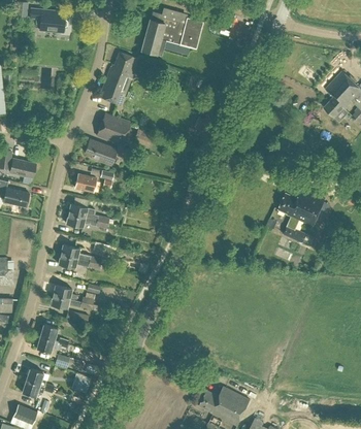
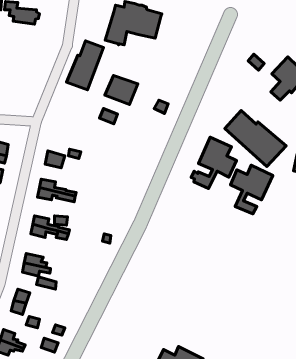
building: [95,113,131,145] -> [105,75,138,105]
building: none -> [225,111,286,167]
building: [84,138,116,165] -> none
building: none -> [191,137,237,188]

